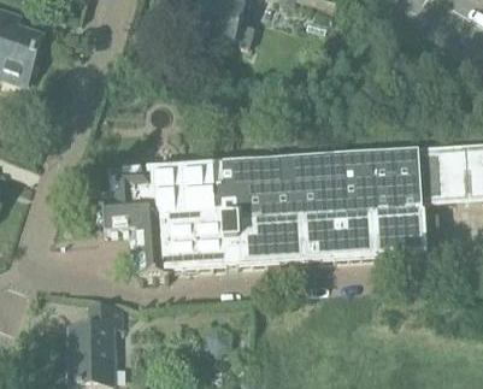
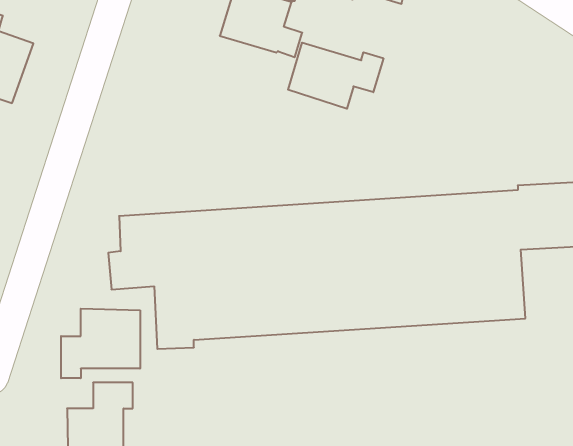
building: none -> [288,43,383,109]
building: none -> [61,309,140,378]

